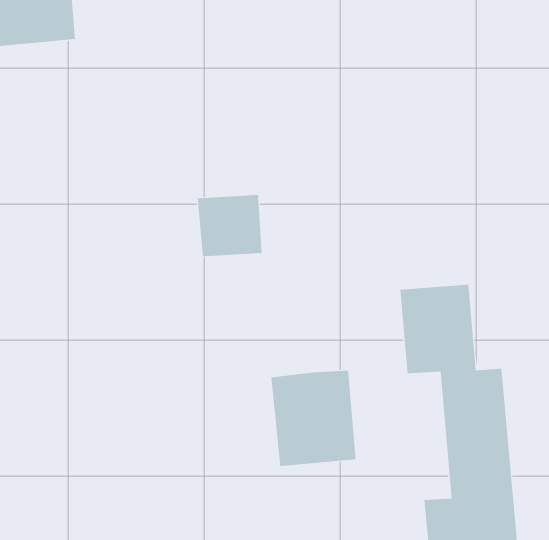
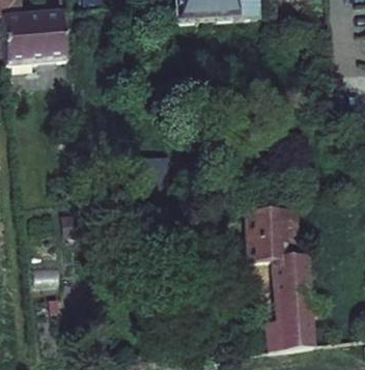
building: [271,370,356,467] -> none

